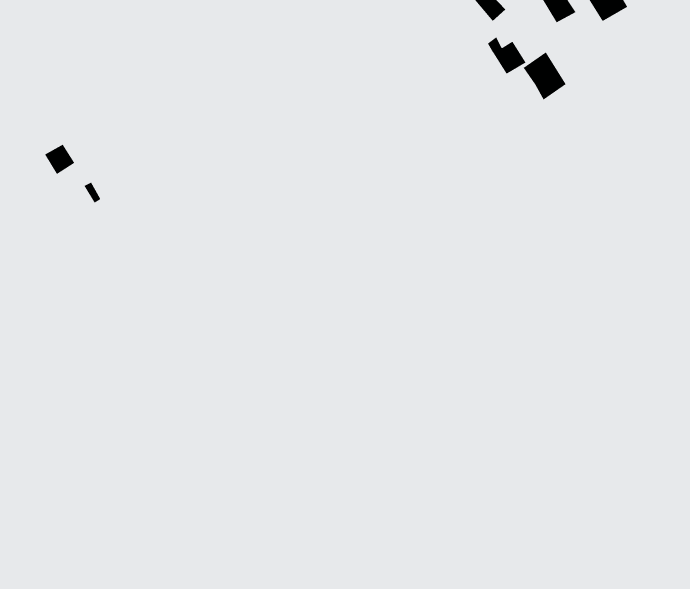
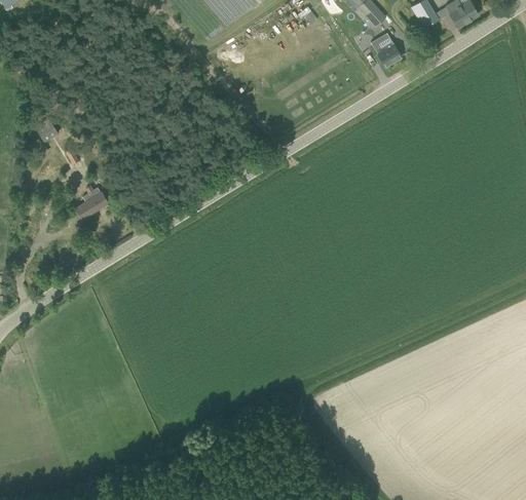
building: [523,51,566,101] -> none
building: none -> [76,186,108,219]

